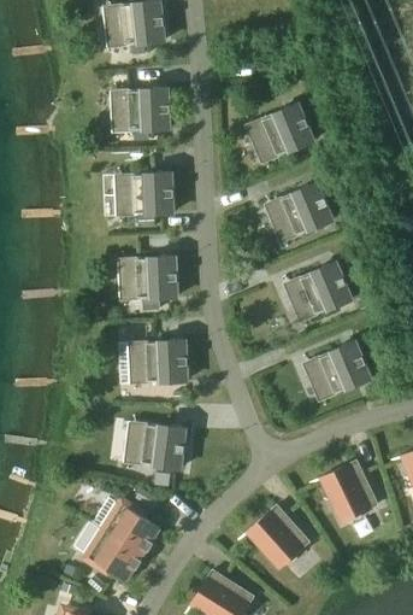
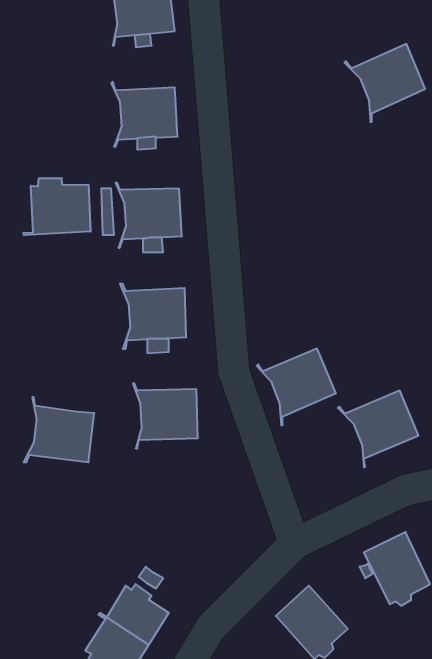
building: [242,104,309,169] -> [344,44,425,122]
building: none -> [23,178,91,235]
building: [262,183,329,248] -> none
building: [282,263,348,327] -> [257,349,336,425]
building: [123,416,182,470] -> [24,397,94,462]

